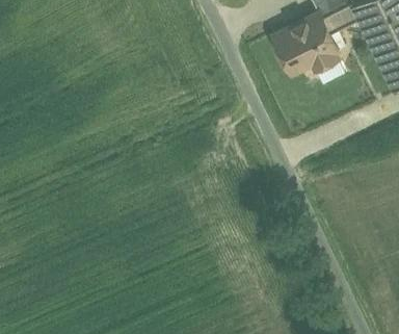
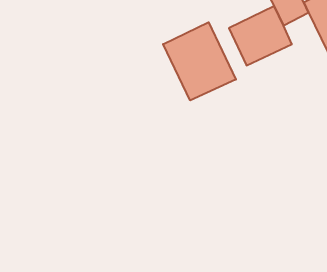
building: none -> [163,22,236,100]

